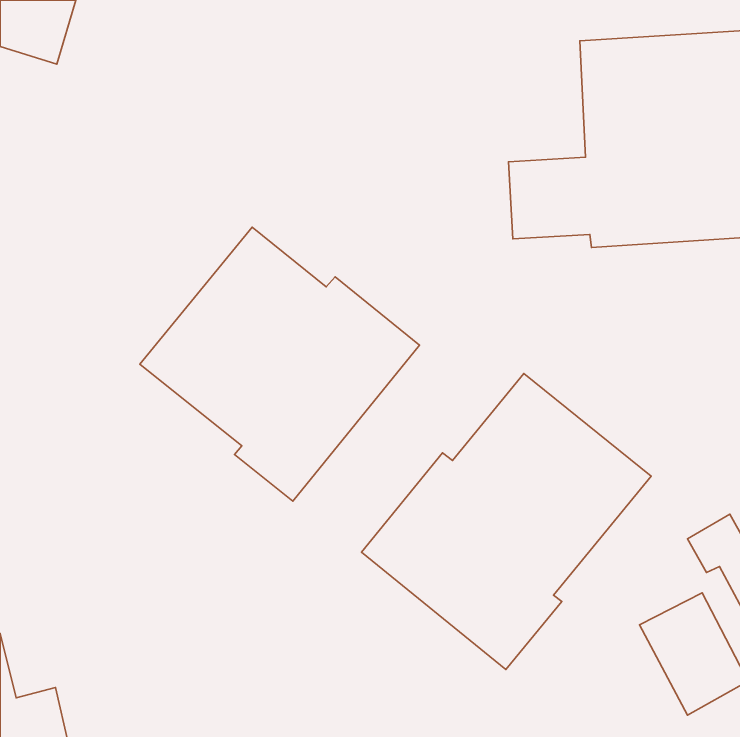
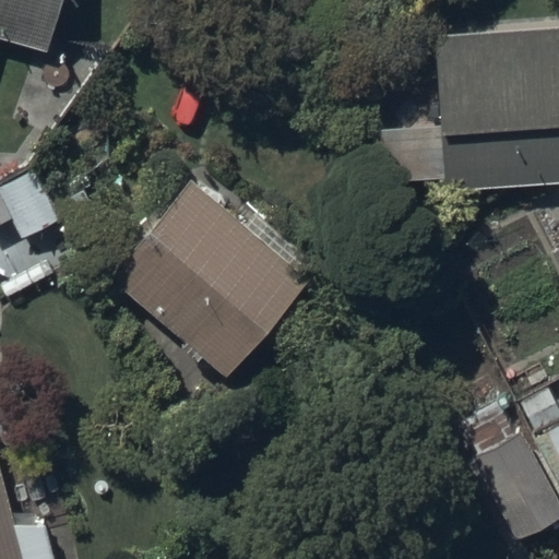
building: [362,374,651,669] -> none

